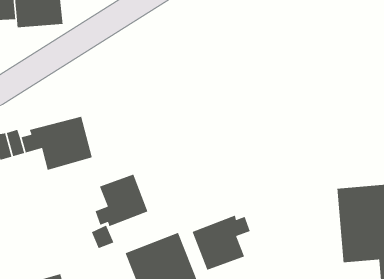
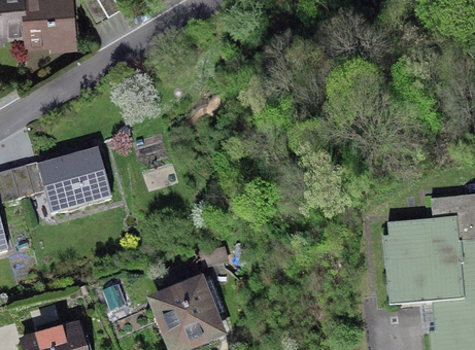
building: [94,174,149,227] -> none
building: [192,214,251,271] -> none

